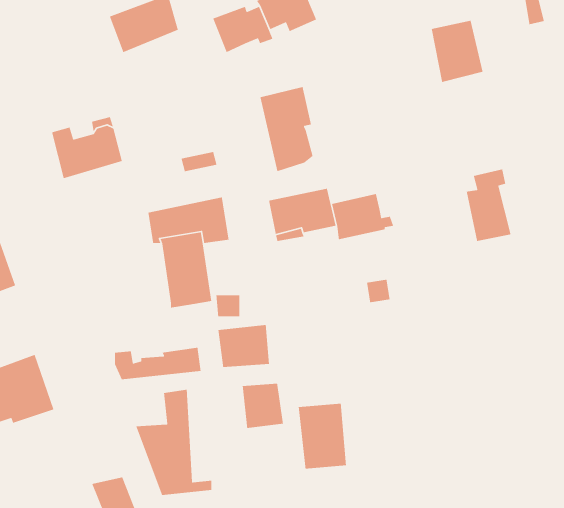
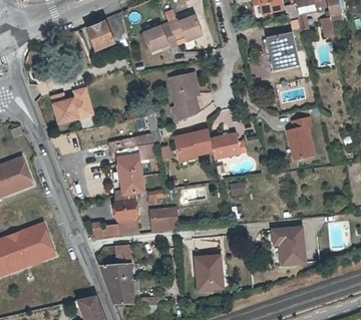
building: none -> [111,195,137,223]
building: none -> [273,228,304,264]
building: [242,383,284,429] -> none

